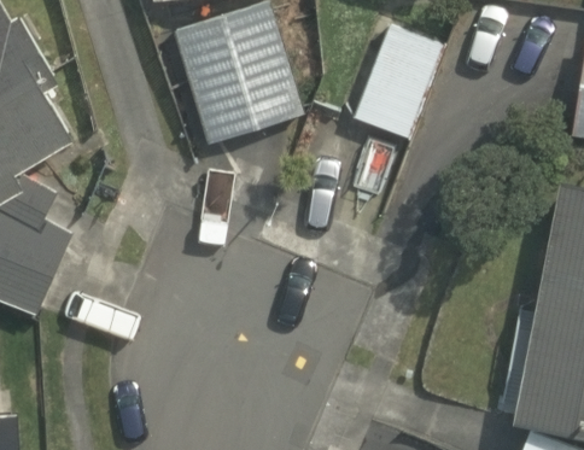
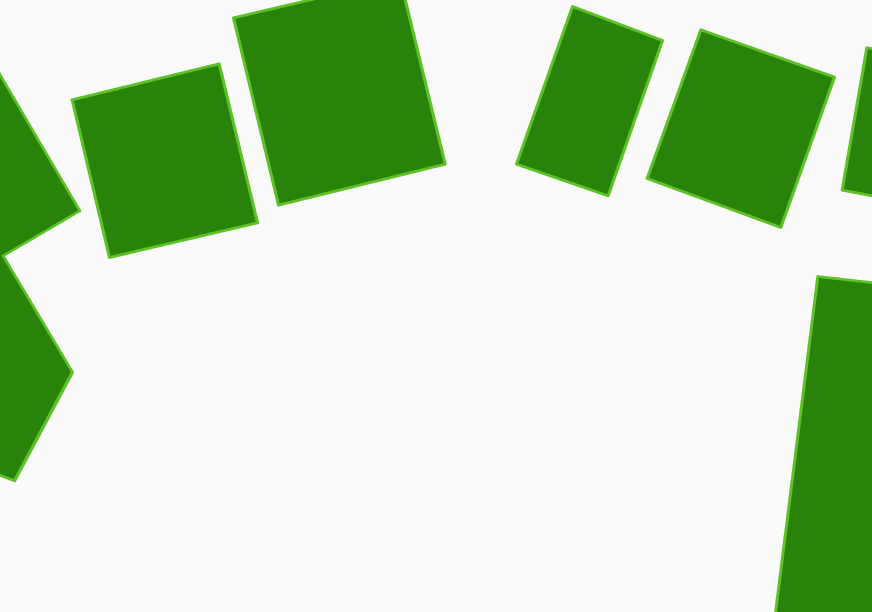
building: none -> [647,30,835,227]
building: none -> [72,64,257,257]

